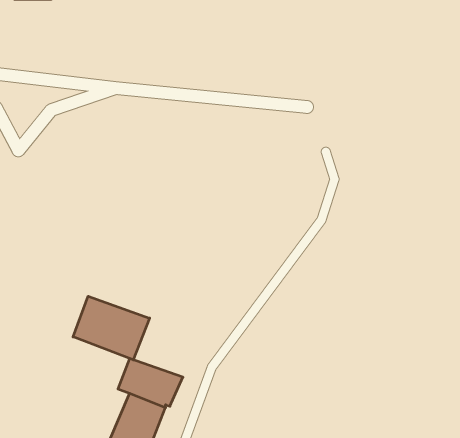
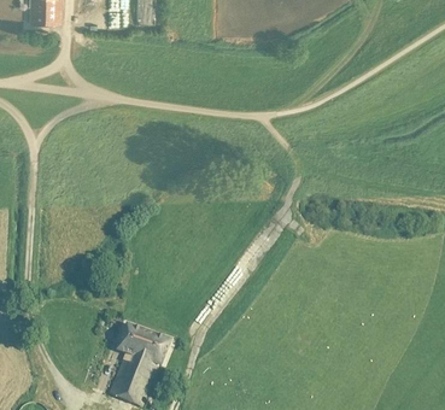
building: [73,296,150,360] -> none

